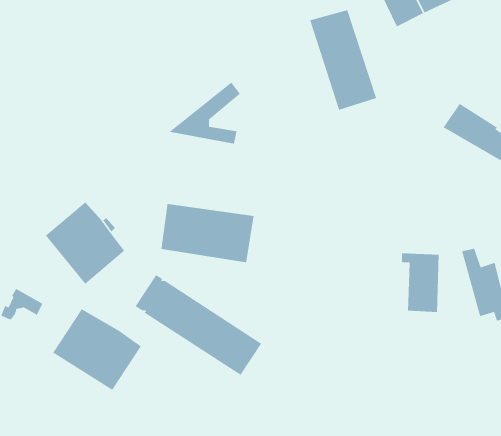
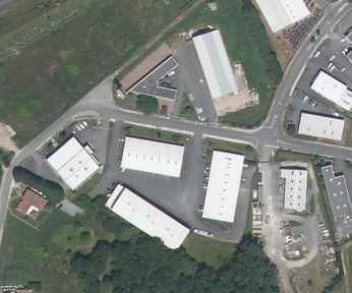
building: [309,9,377,111] -> [192,31,237,98]
building: none -> [298,113,343,140]
building: none -> [204,150,245,221]
building: [52,308,142,391] -> none

